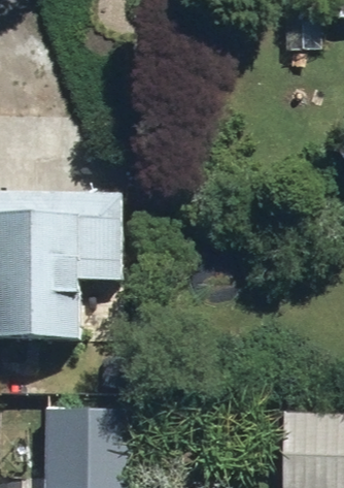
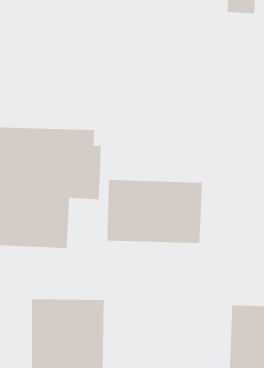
building: none -> [107,179,203,244]

